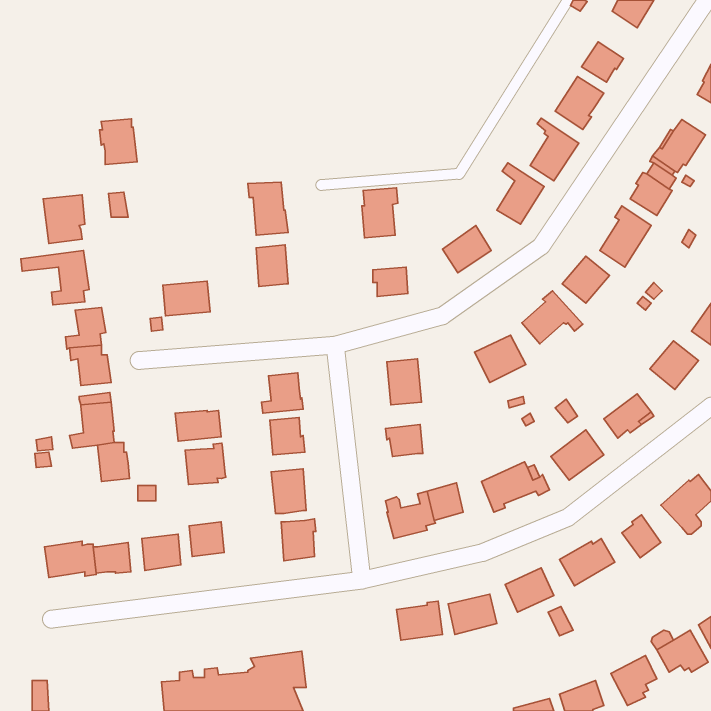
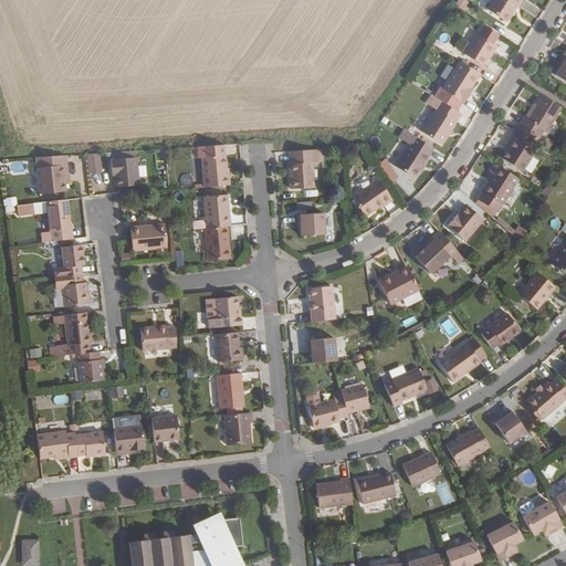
building: [100,119,137,165] -> [109,150,139,187]
building: none -> [203,226,230,261]
building: [185,443,226,485] -> none

